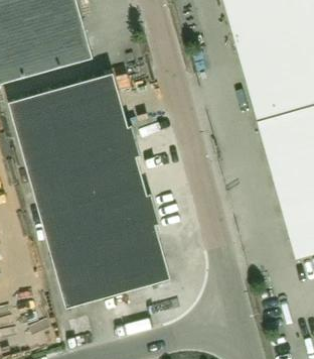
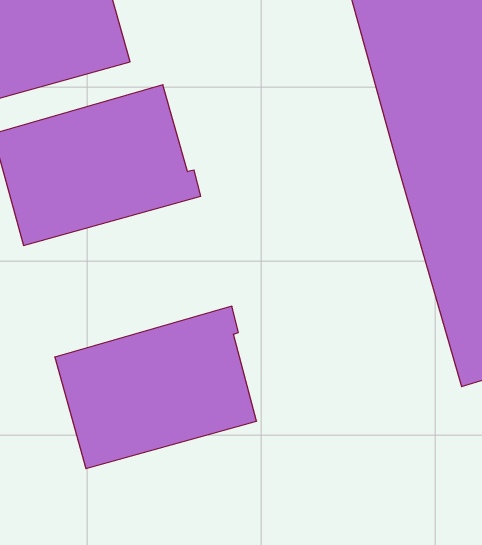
building: [28,142,156,241] -> none

